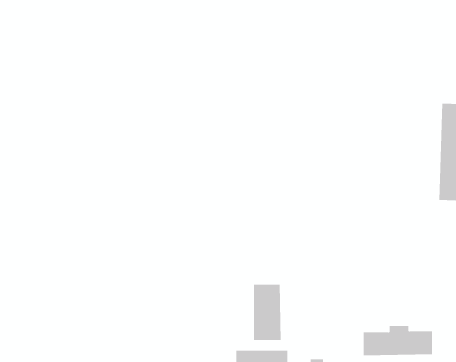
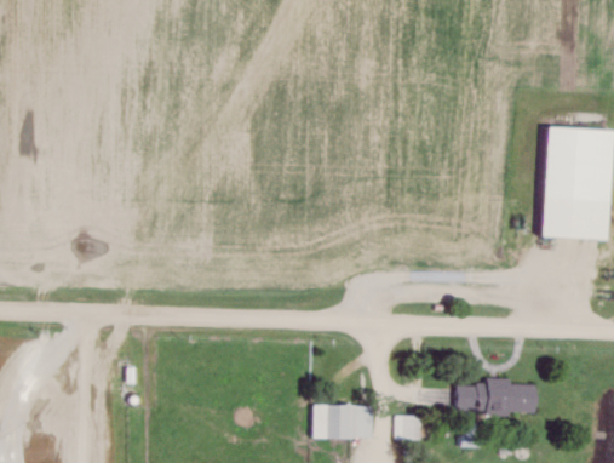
building: [254,284,281,341] -> none

